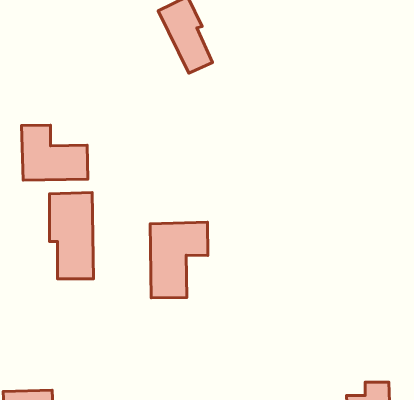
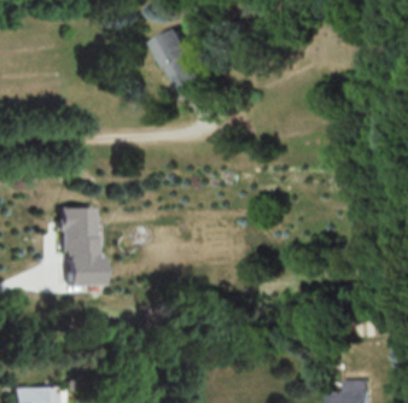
building: [22,125,88,180] -> none
building: [150,222,208,298] -> none

